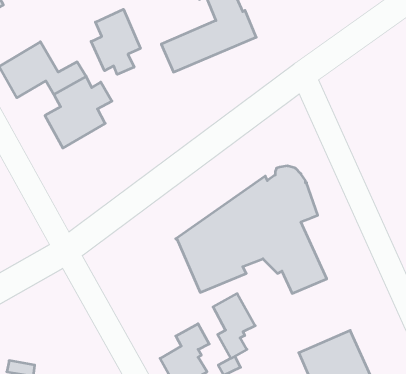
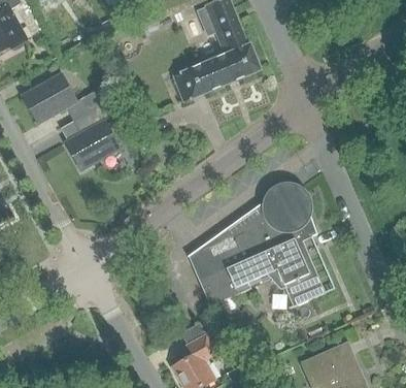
building: [91,9,140,74] -> none
building: [213,294,255,358] -> none

